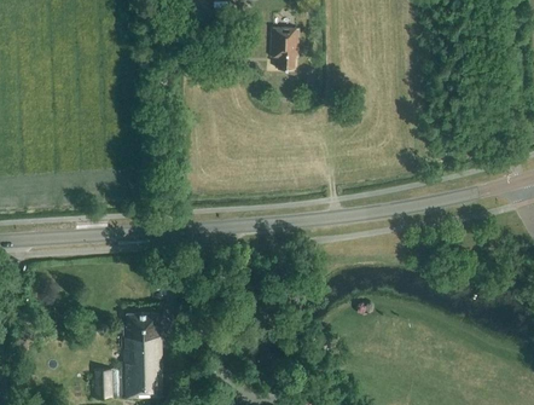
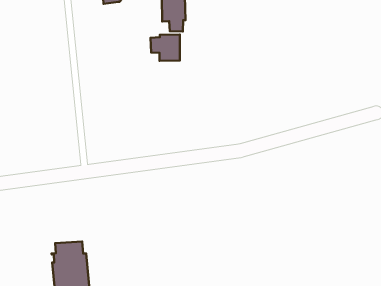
building: none -> [151,34,180,61]

